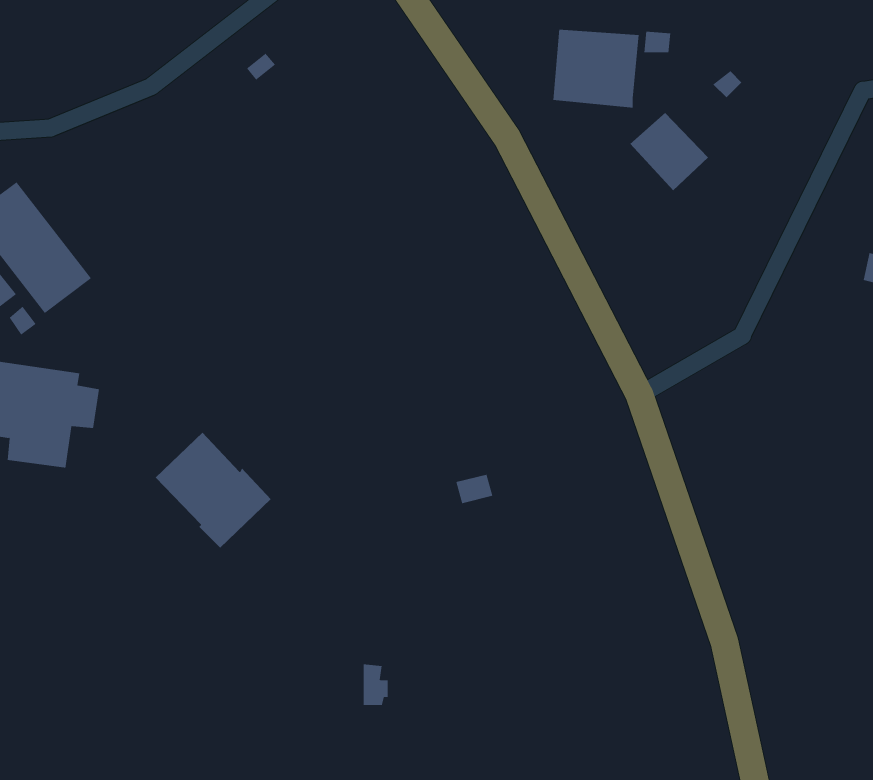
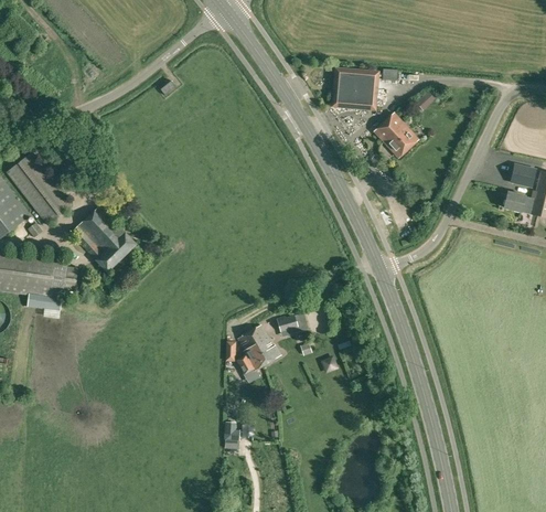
building: [155,432,272,549] -> [71,206,136,271]
building: none -> [236,326,280,374]

